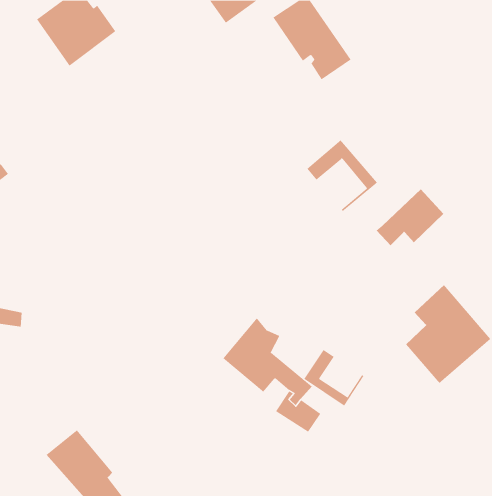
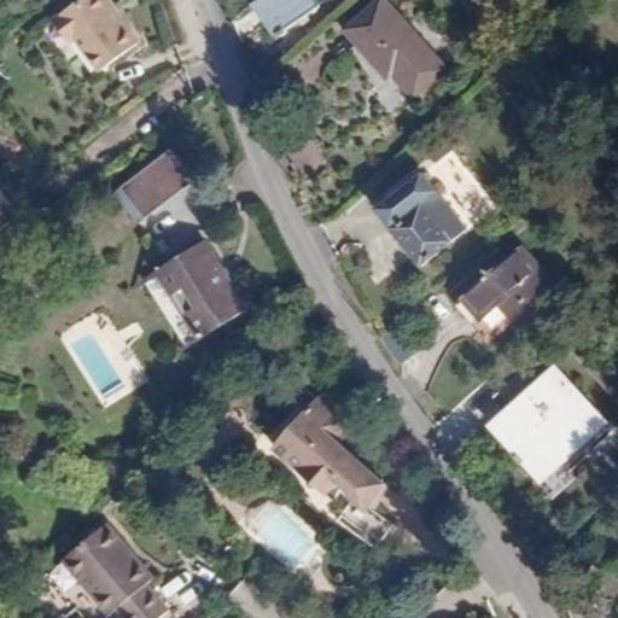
building: none -> [104,151,185,225]
building: none -> [391,200,453,263]
building: none -> [145,233,247,340]
building: [303,349,364,407] -> none

